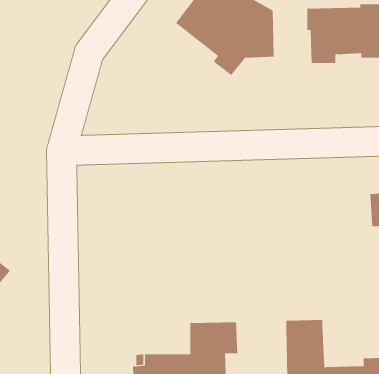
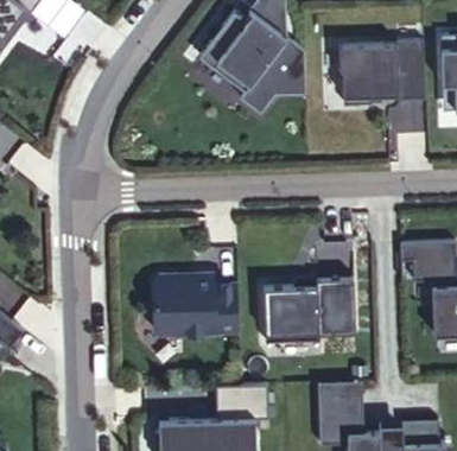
building: none -> [152,275,237,337]
building: none -> [264,277,361,339]

